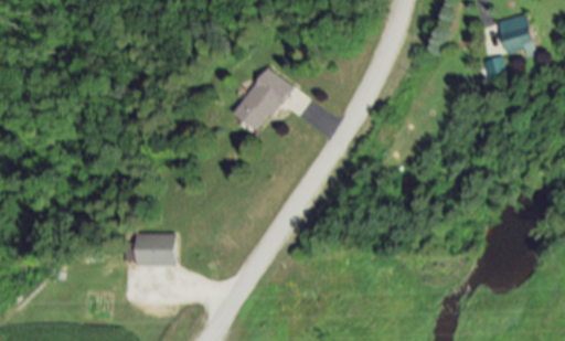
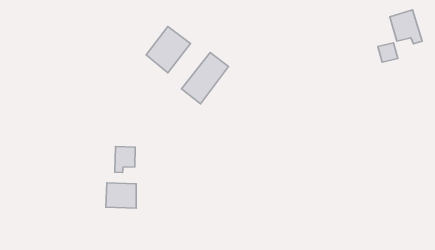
building: none -> [146,26,190,73]
building: none -> [115,146,135,172]

